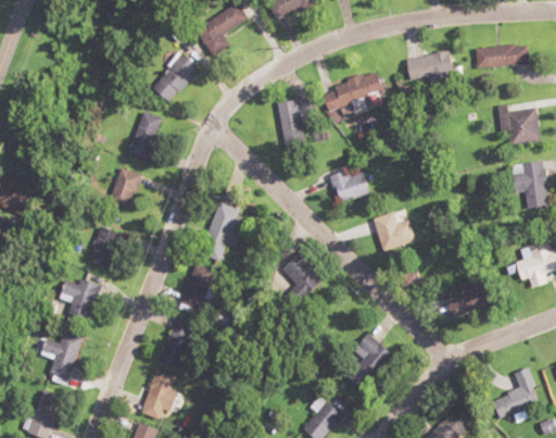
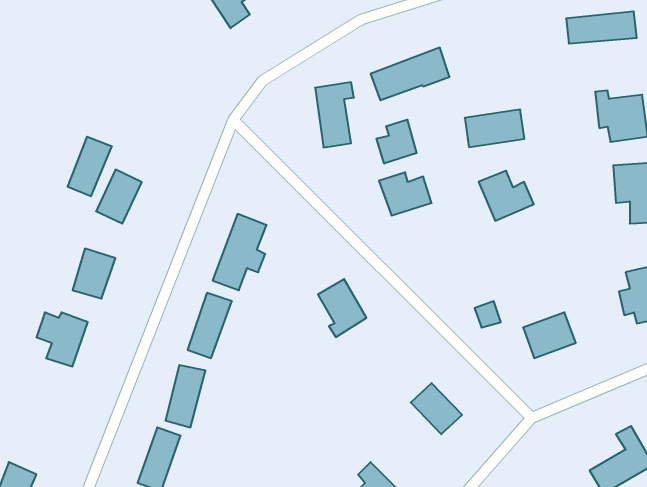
building: [407,51,454,80] -> [465,110,524,147]
building: [153,52,200,102] -> none
building: [129,110,164,157] -> [68,137,112,196]
building: none -> [376,120,417,164]
building: [372,211,416,250] -> [479,171,534,221]
building: [38,329,84,380] -> none

